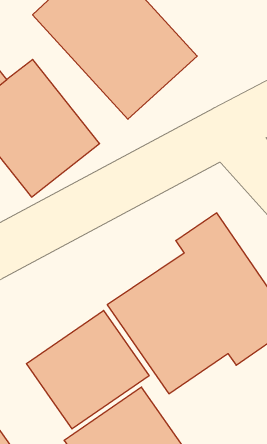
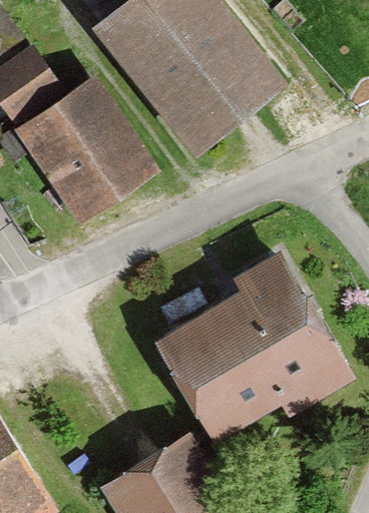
building: [26,310,149,429] -> none

